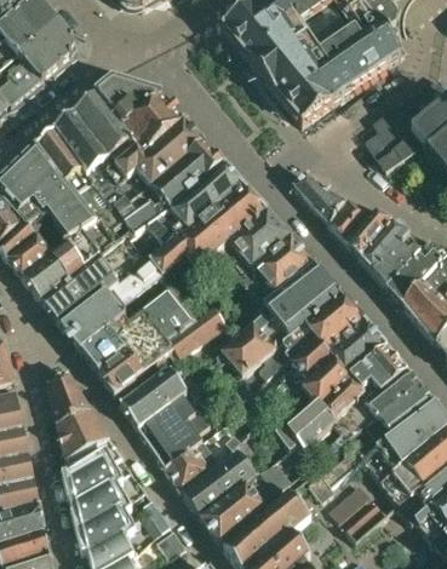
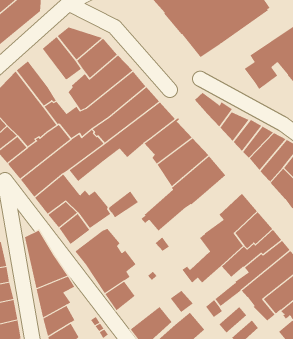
building: [53,110,124,203] -> none
building: [136,284,200,339] -> none
building: [280,293,362,389] -> none
building: [183,450,256,516] -> none

